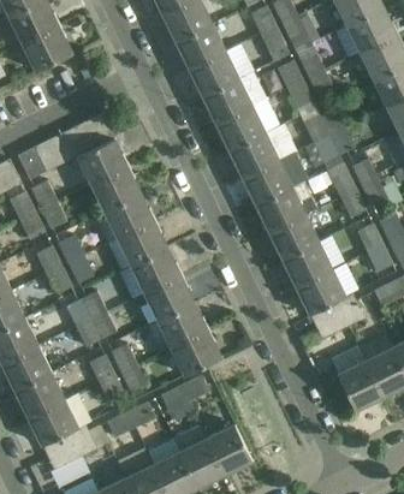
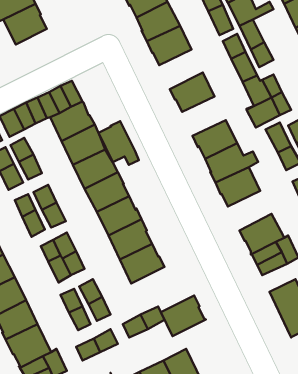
building: [202,77,252,123] -> none
building: [228,131,279,177] -> none
building: none -> [99,121,139,165]
building: [281,240,332,286] -> none
building: [170,328,221,375] -> [161,296,206,336]

